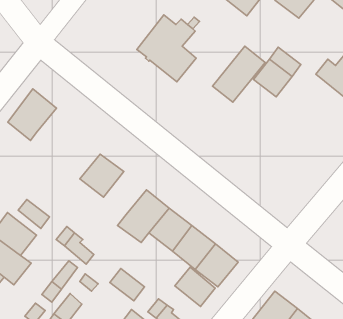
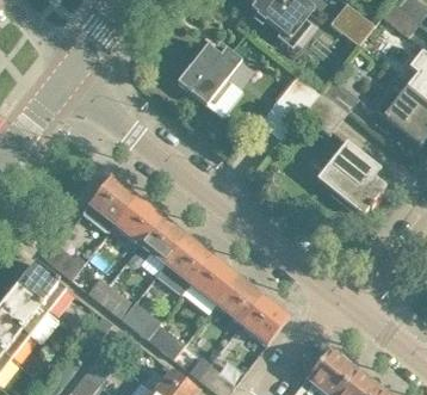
building: [8,89,57,141] -> [82,174,136,232]
building: none -> [316,140,385,214]
building: none -> [140,215,187,263]
building: none -> [120,301,160,338]
building: [175,267,215,306] -> none

